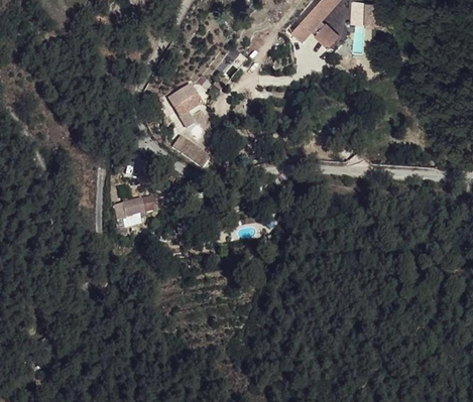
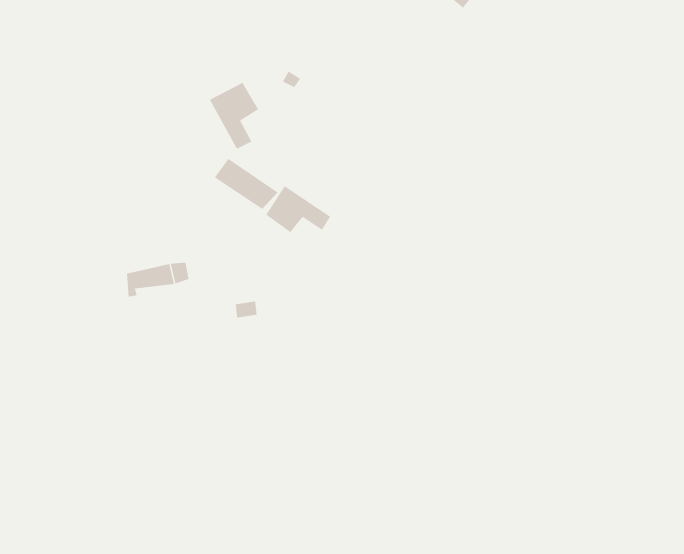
building: none -> [265,185,331,233]

